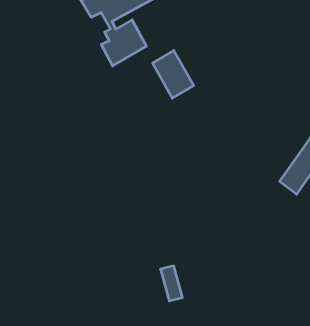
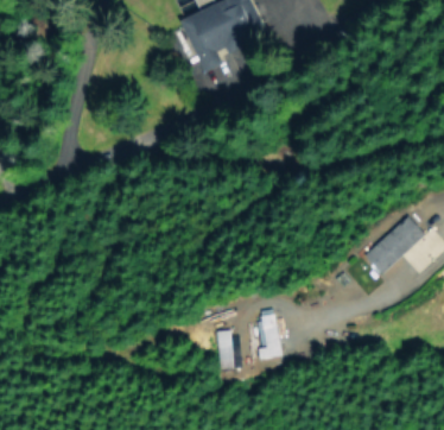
building: [153,50,194,98] -> none
building: none -> [256,308,280,359]

